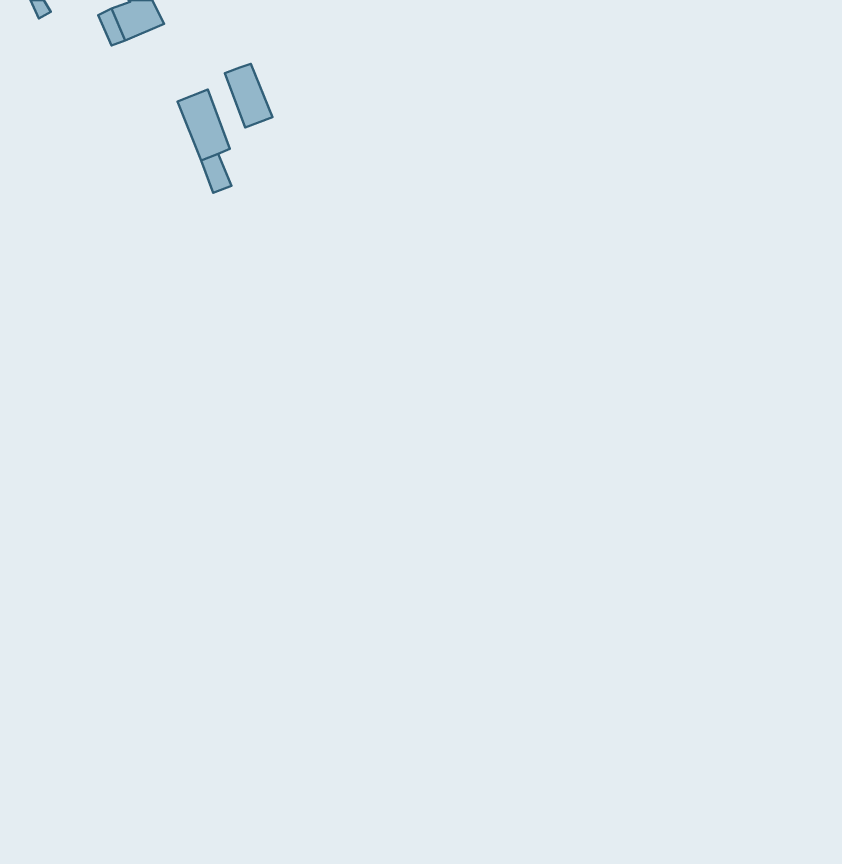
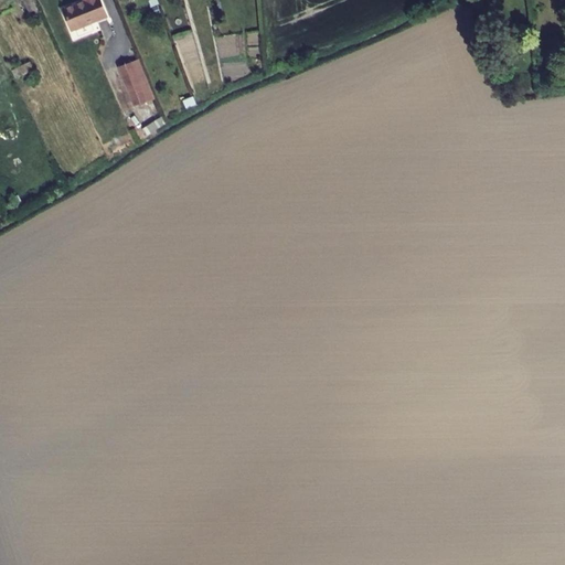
building: [225,64,272,128] -> none

